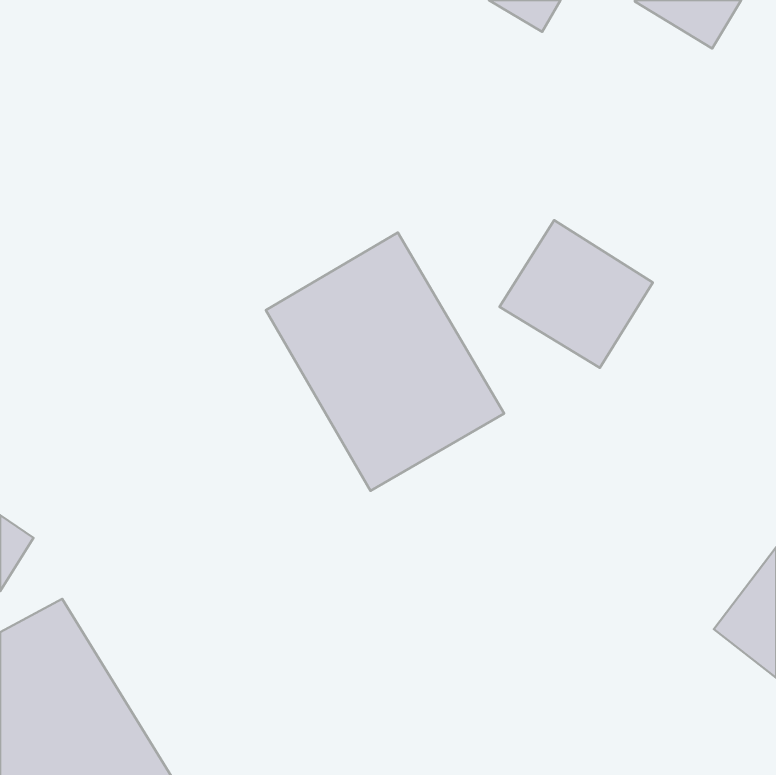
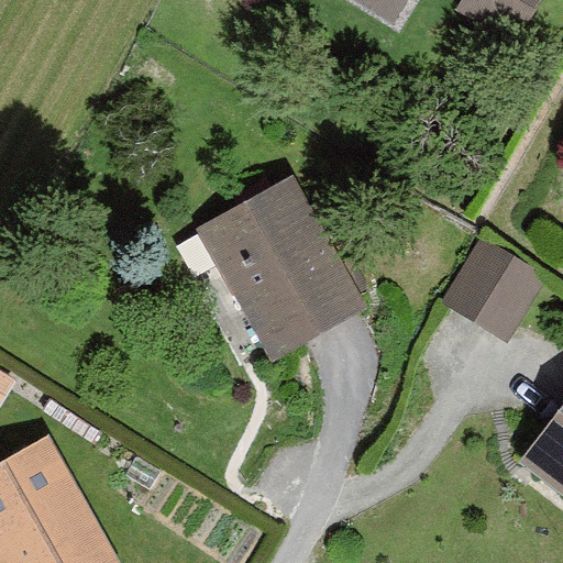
building: [499,220,653,368] -> [446,244,558,351]

